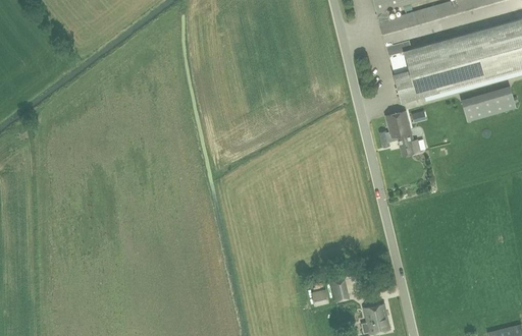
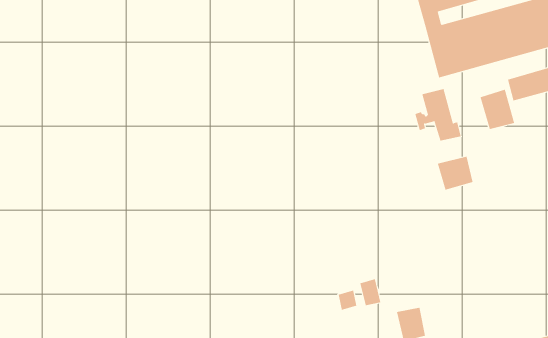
building: none -> [480,89,515,130]
building: none -> [437,156,473,191]

